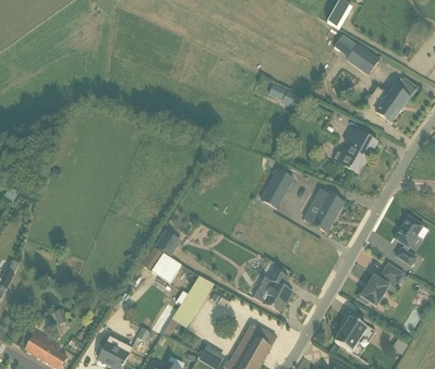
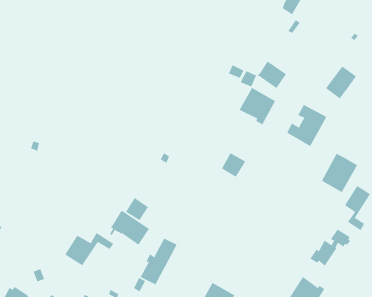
building: [346,42,378,73] -> [257,61,287,89]
building: none -> [239,87,276,125]
building: [303,187,343,231] -> [321,153,358,193]
building: none -> [64,232,114,266]
building: [262,268,293,310] -> none

